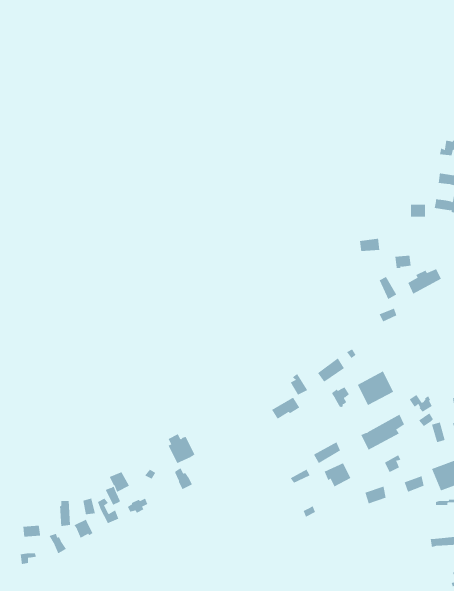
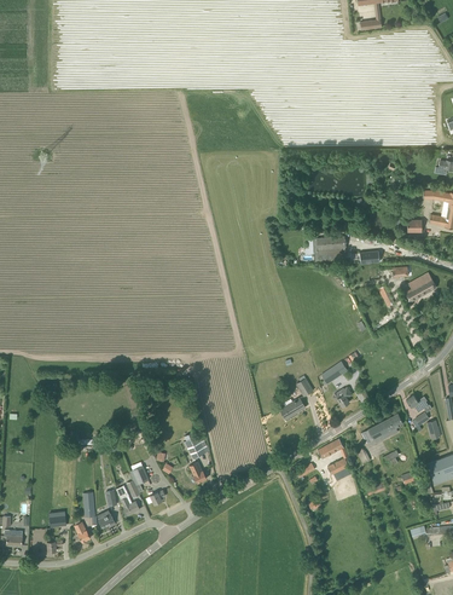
building: none -> [304,236,345,261]
building: [357,370,394,406] -> none

